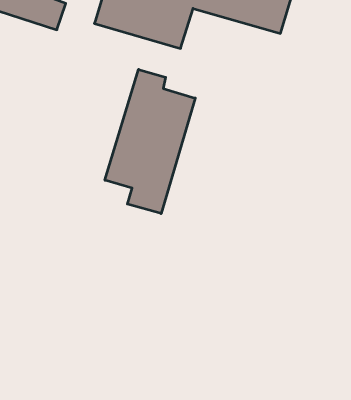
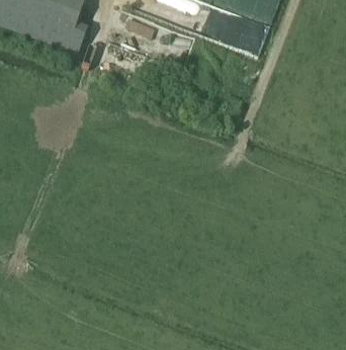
building: [105,69,195,214] -> none

